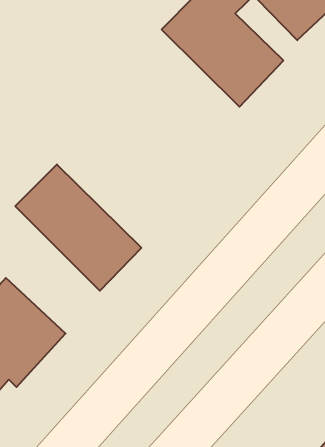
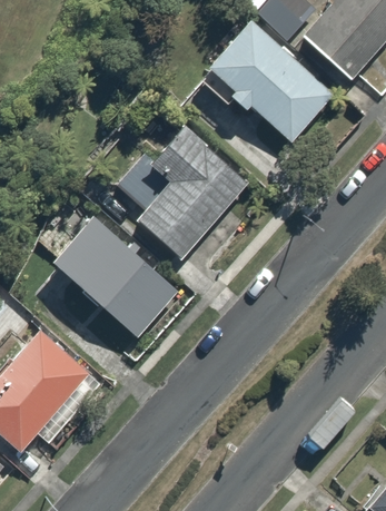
building: none -> [119,119,250,256]

